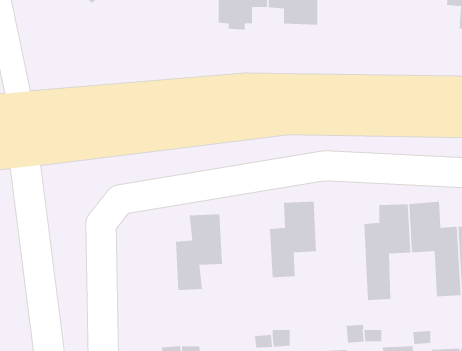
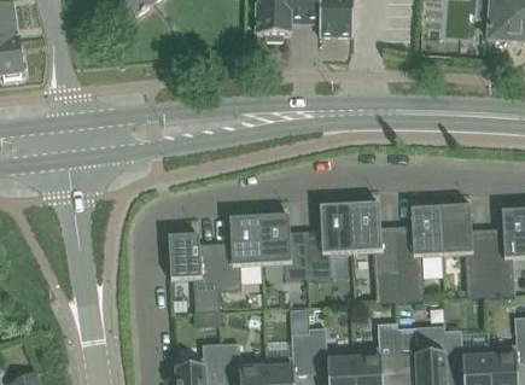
building: none -> [349,202,399,301]
building: none -> [258,214,308,279]
building: none -> [168,234,220,311]

